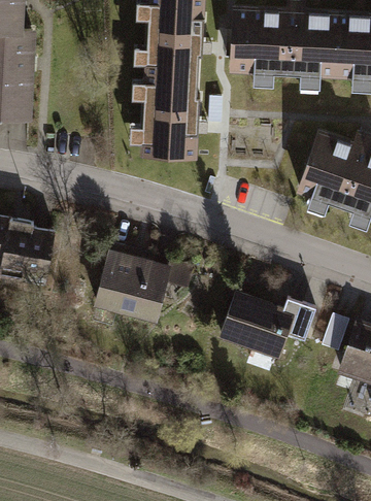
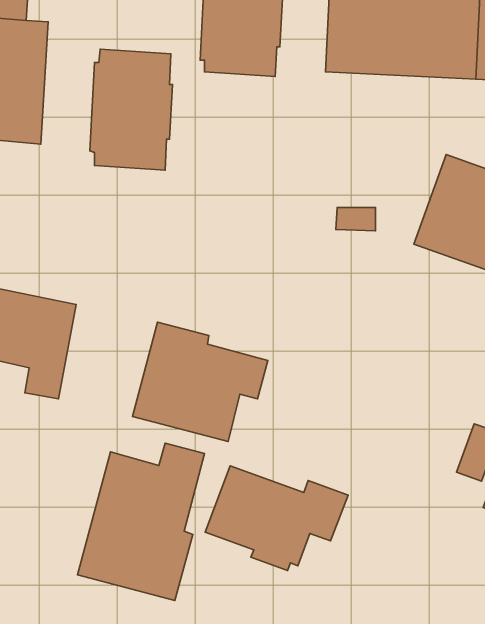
building: [138,68,196,153] -> [90,49,172,170]
building: [220,290,319,363] -> [205,466,348,570]
building: none -> [78,443,205,600]

